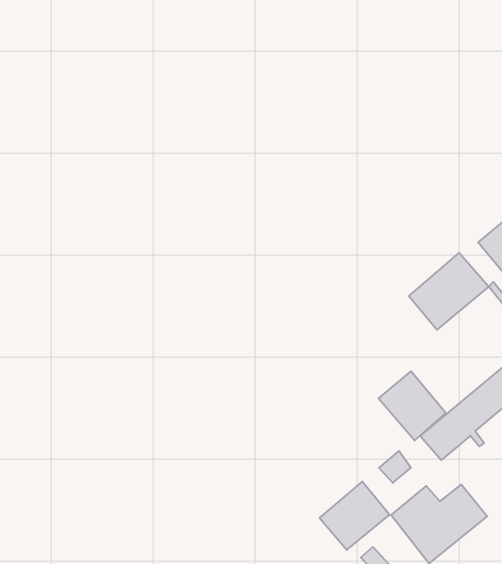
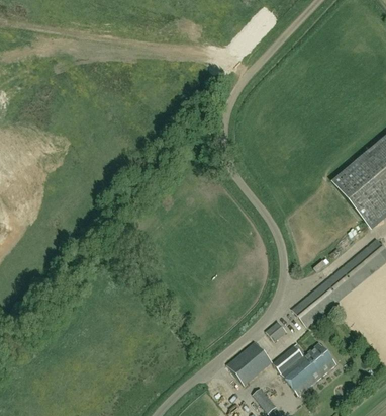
building: [409,253,489,330] -> none
building: [379,371,446,441] -> none

